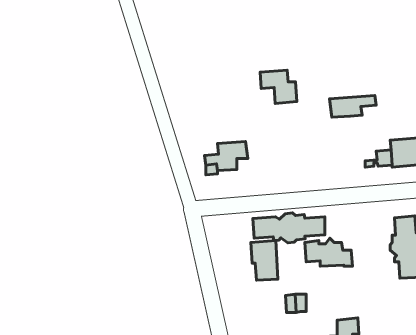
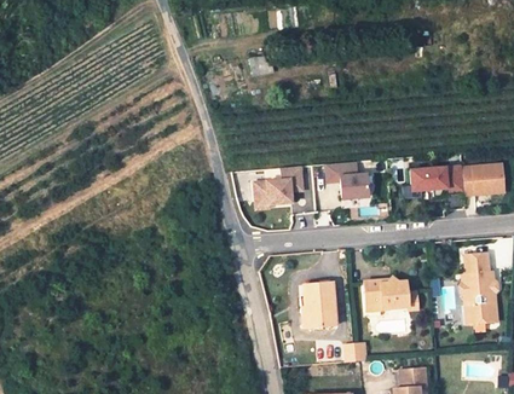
building: [260,70,297,104] -> [324,163,365,201]
building: [330,96,376,117] -> [410,167,462,191]
building: [253,213,325,243] -> none

